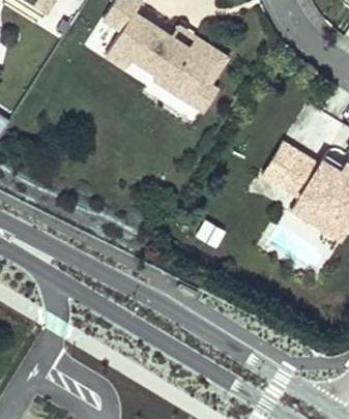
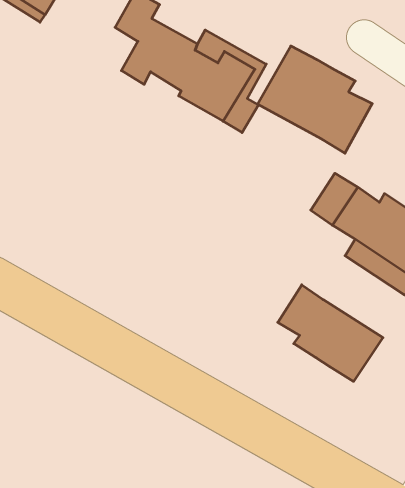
building: none -> [257,46,372,153]
building: none -> [278,285,383,381]

